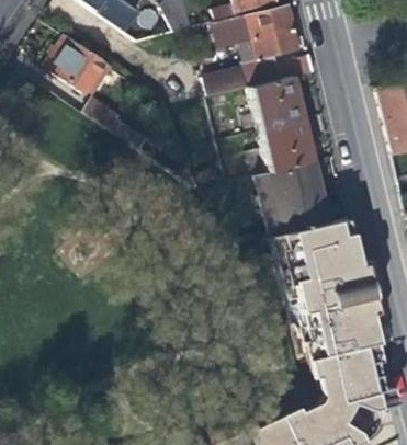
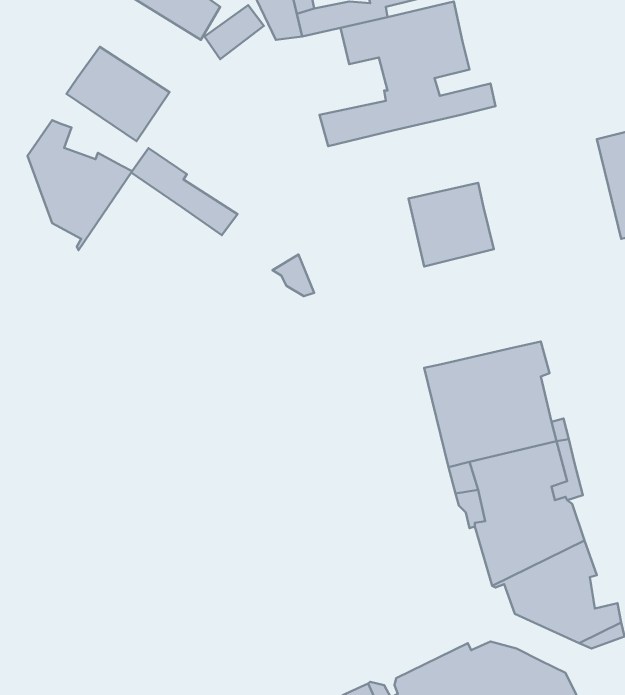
building: [250,77,304,129] -> none
building: none -> [28,120,132,250]
building: [267,161,324,233] -> none

